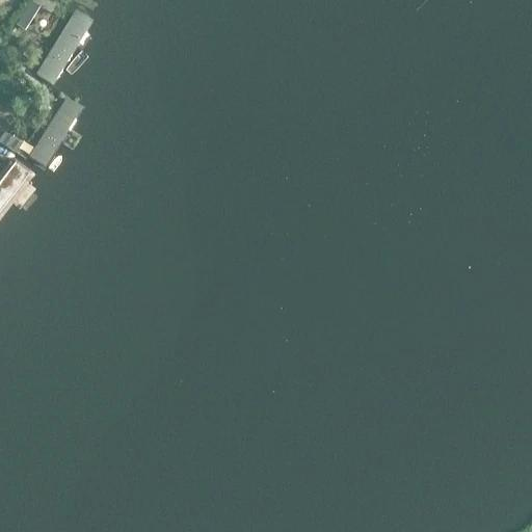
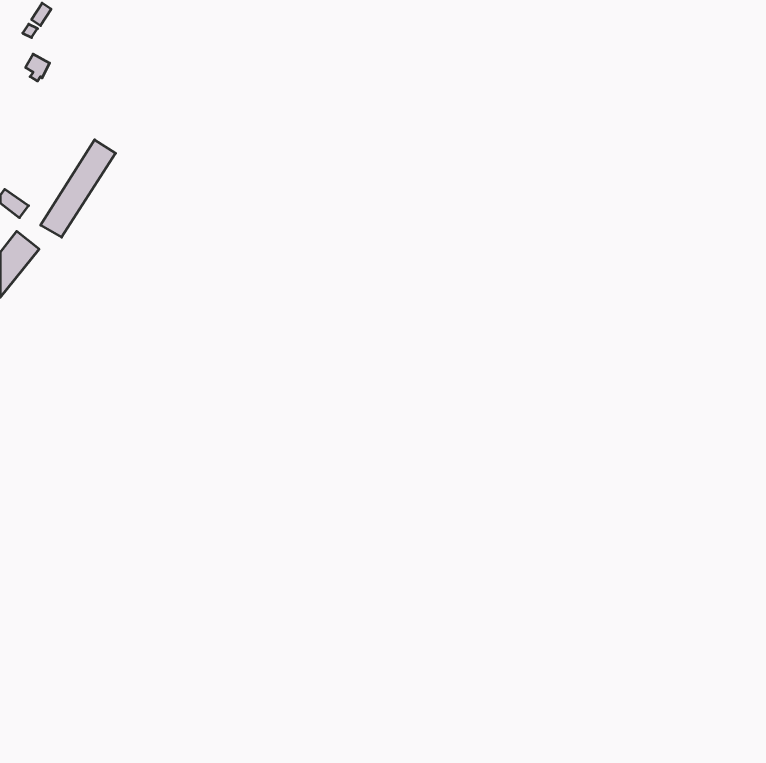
building: [36,16,87,82] -> none

